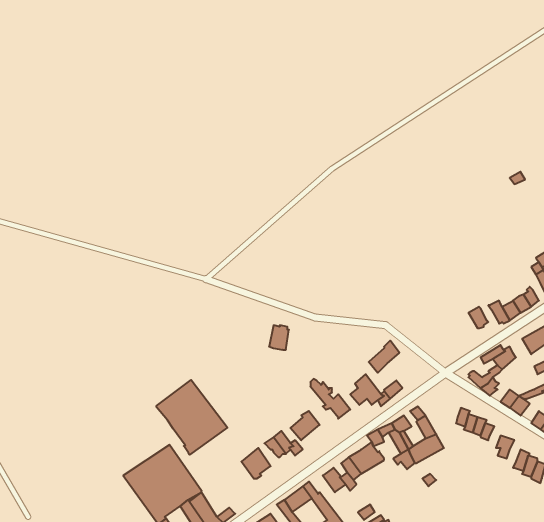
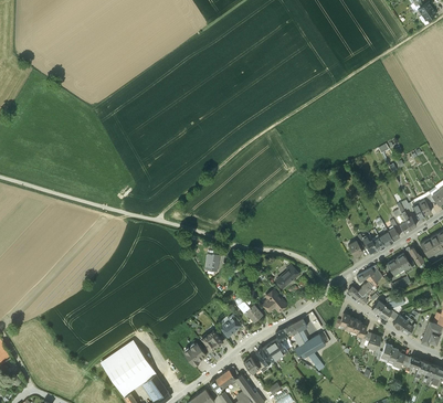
building: [156,380,227,455] -> none

